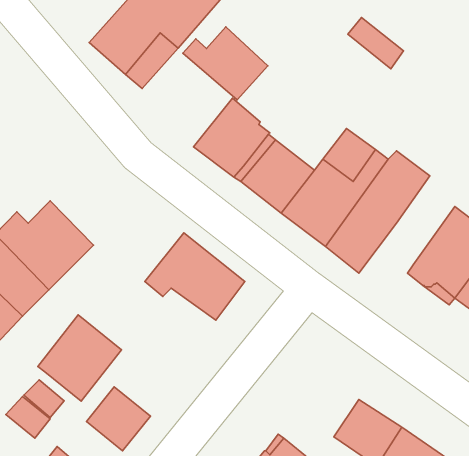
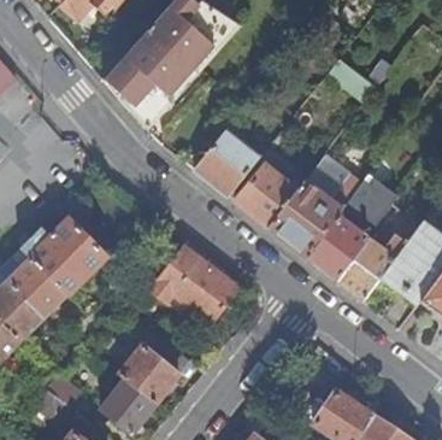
building: [183,27,268,100] -> none
building: none -> [336,215,419,300]
building: [38,315,121,401] -> [118,329,190,404]

